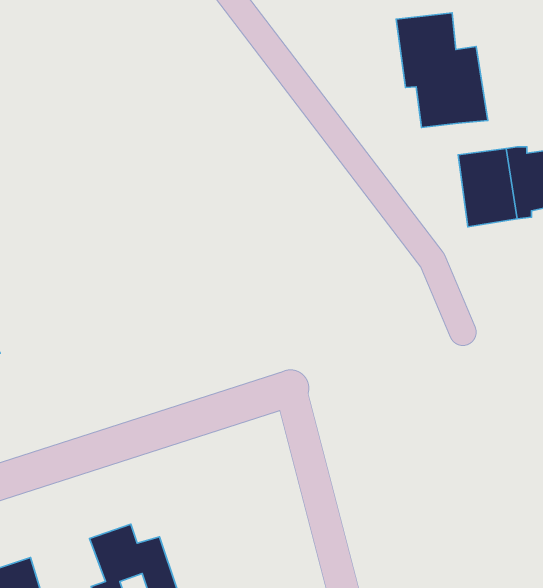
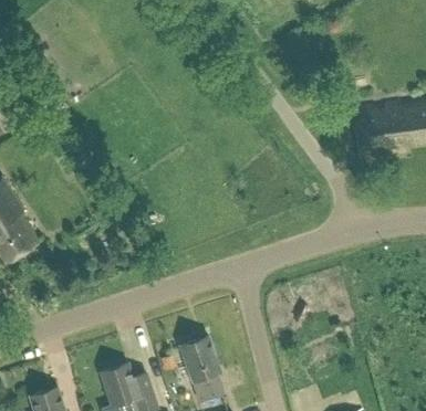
building: [396,13,488,127] -> none
building: none -> [179,337,224,403]

